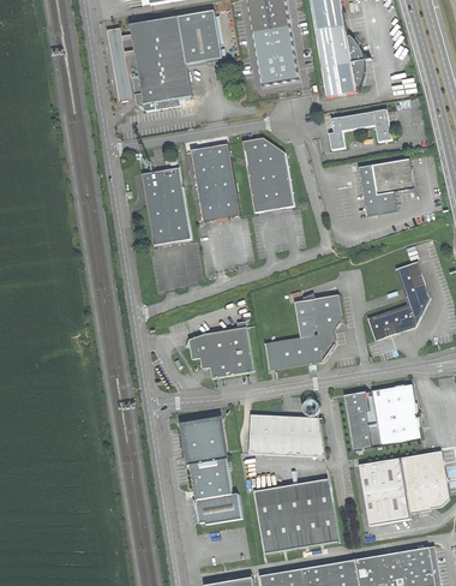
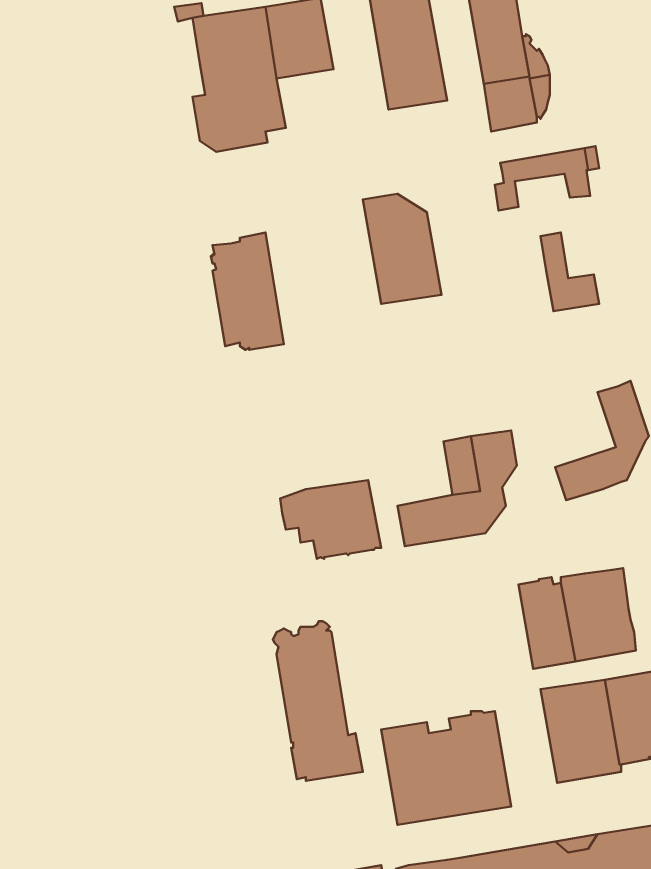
building: [190,142,239,220] -> none
building: [371,157,413,193] -> none
building: [248,413,324,456] -> none

